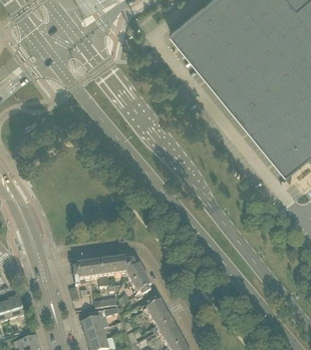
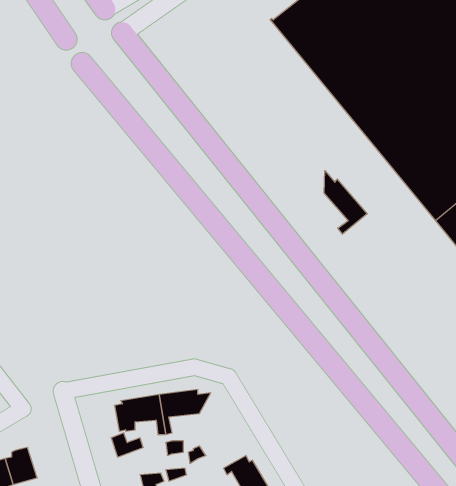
building: none -> [324,171,367,234]
building: [125,262,150,301] -> none

